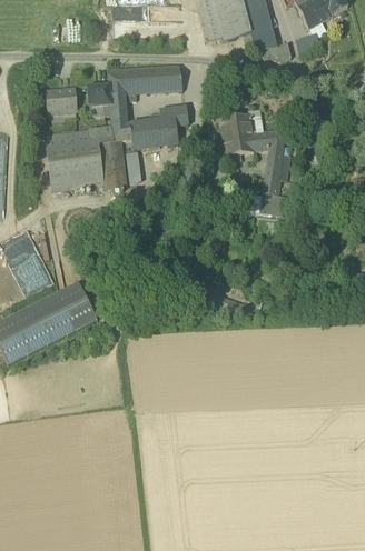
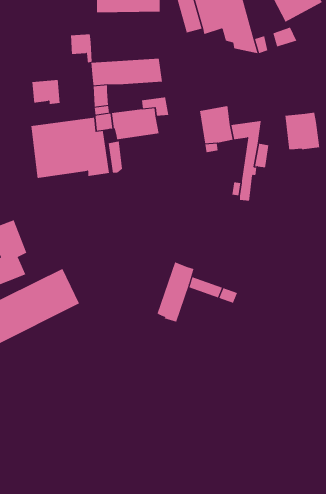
building: [88,86,111,116] -> [70,34,93,63]
building: none -> [285,112,320,150]
building: none -> [157,261,194,323]

